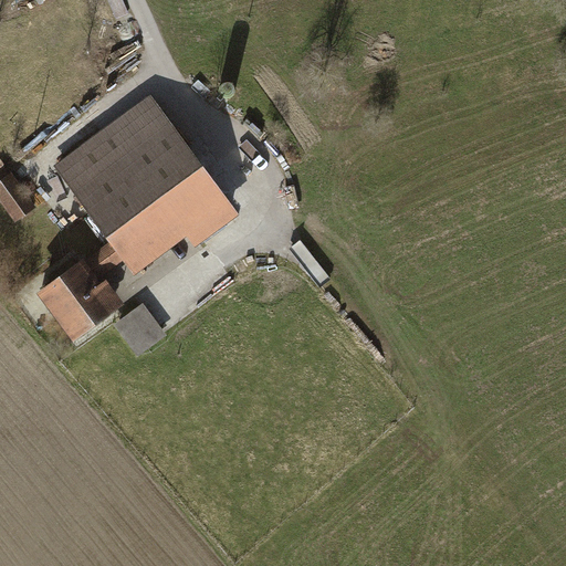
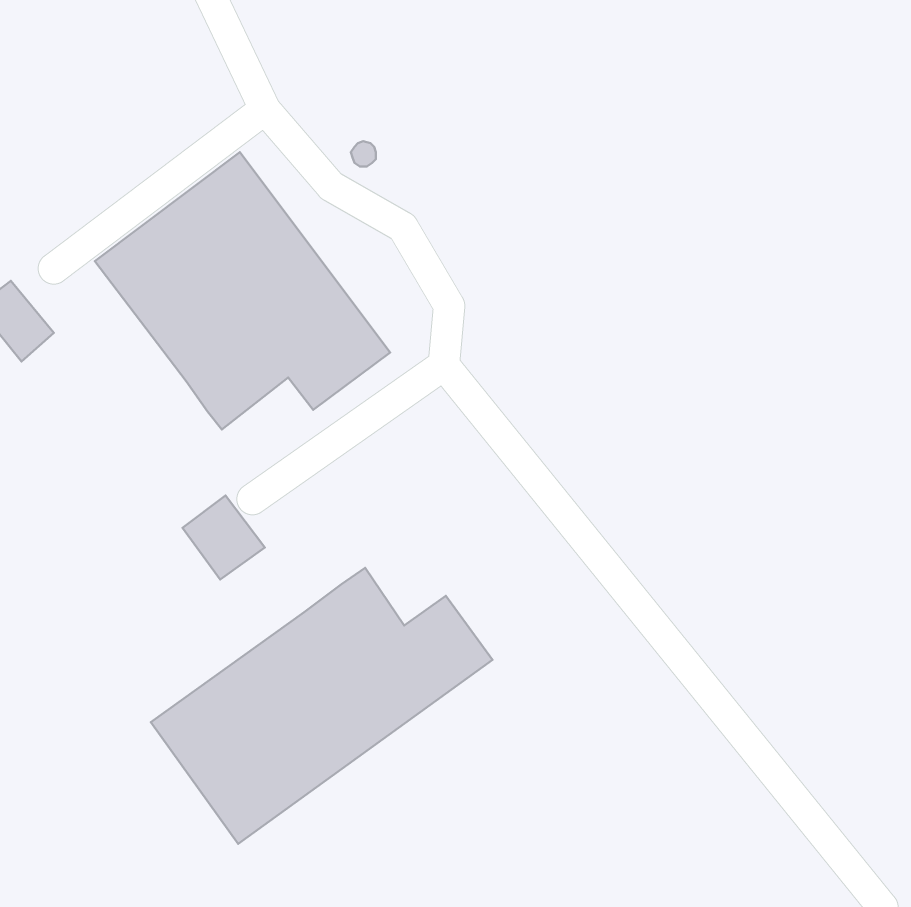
building: [34,235,128,346] -> none
building: none -> [151,568,493,844]

